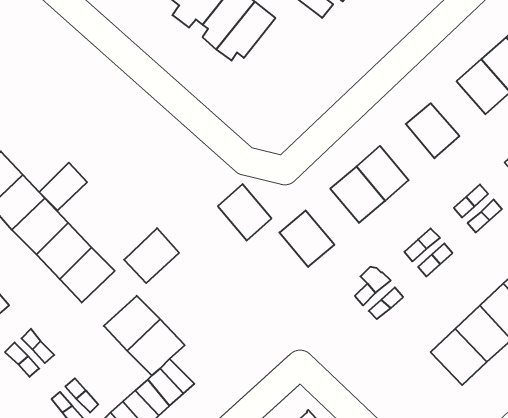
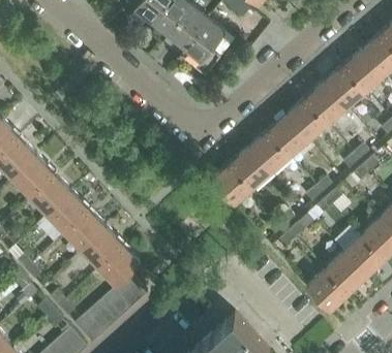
building: none -> [185,19,225,76]
building: none -> [326,66,367,107]
building: none -> [288,98,329,140]
building: [39,163,87,210] -> none
building: [218,184,271,241] -> [232,147,272,189]
building: [124,228,179,283] -> [63,208,104,250]
building: none -> [307,269,350,312]

